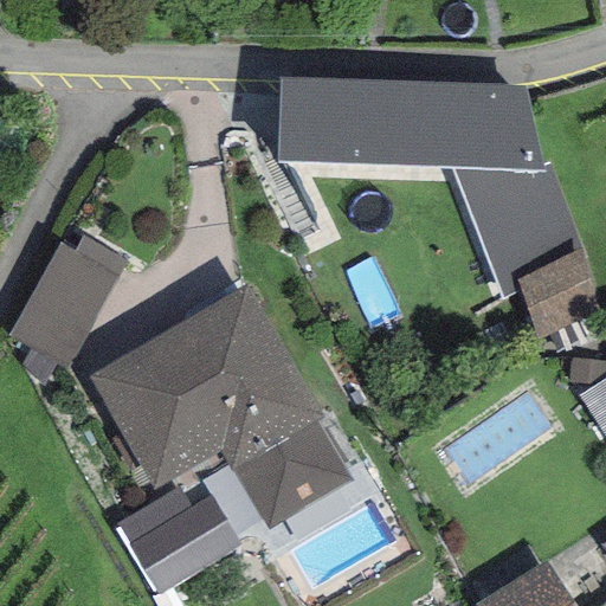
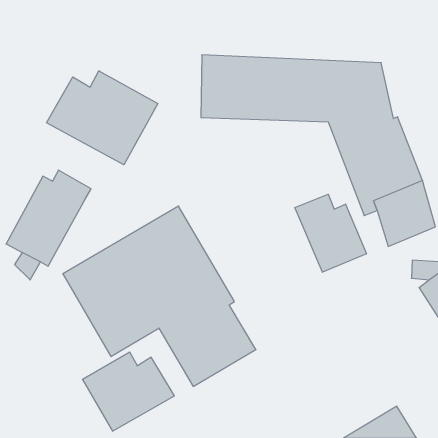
building: none -> [47,71,158,165]
building: none -> [295,194,366,272]

